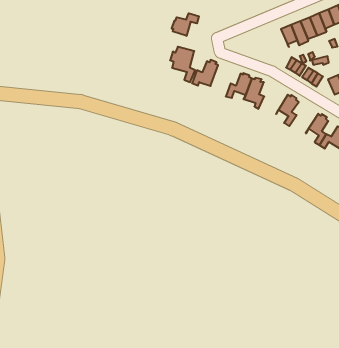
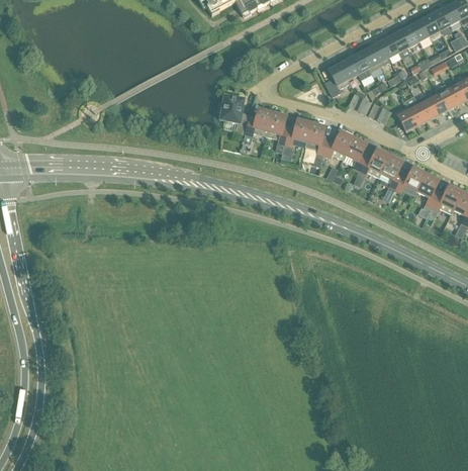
building: [172,13,199,36] -> none
building: none -> [324,63,350,96]
building: none -> [266,109,288,145]
building: none -> [322,129,354,159]
building: none -> [359,148,390,177]

